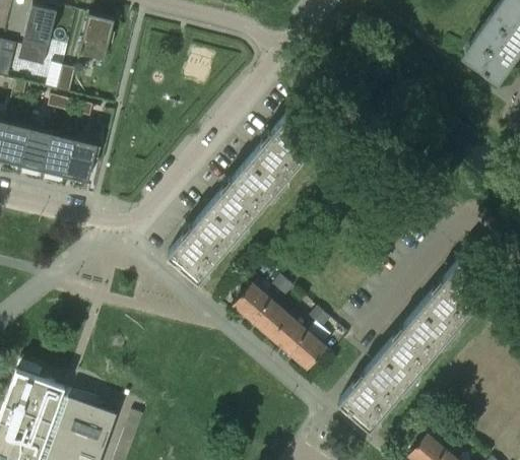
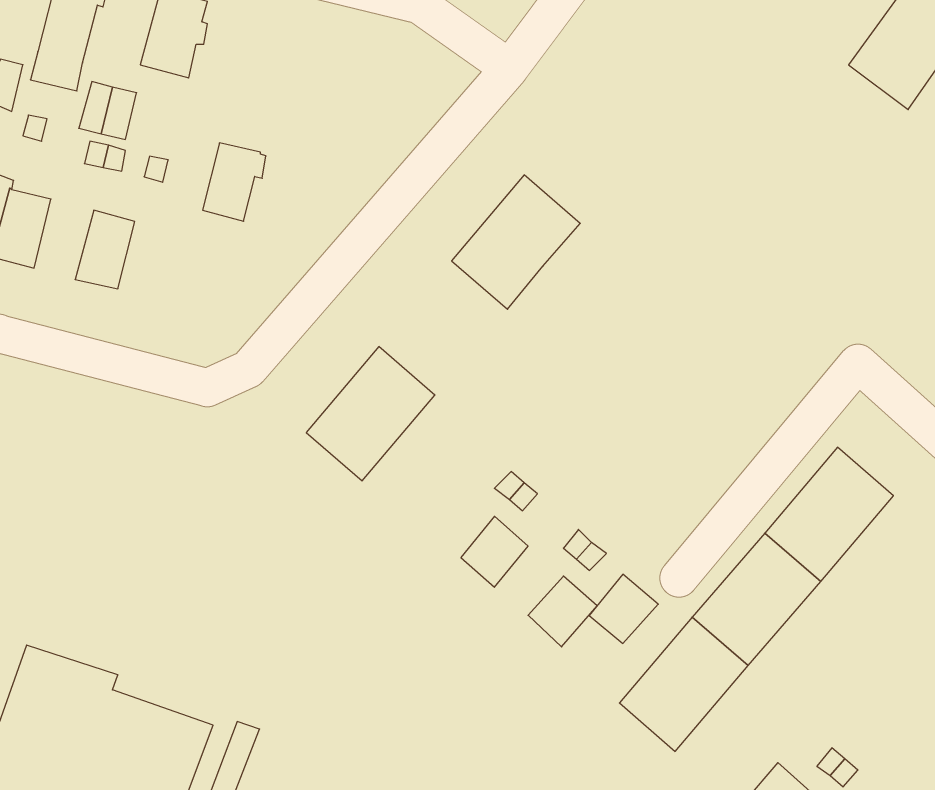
building: [19,127,52,171] -> none
building: [65,139,100,182] -> [203,143,266,221]
building: [207,160,277,234] -> none
building: [233,283,270,322] -> none
building: [270,316,308,353] -> [589,574,658,643]

